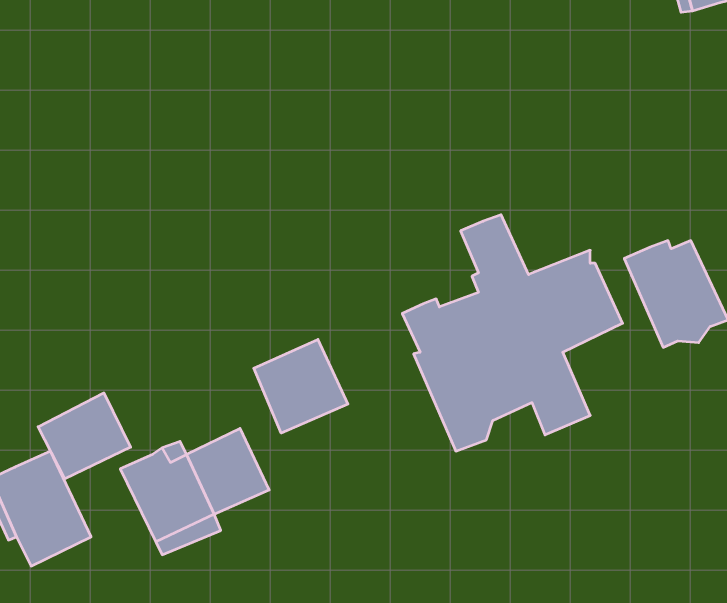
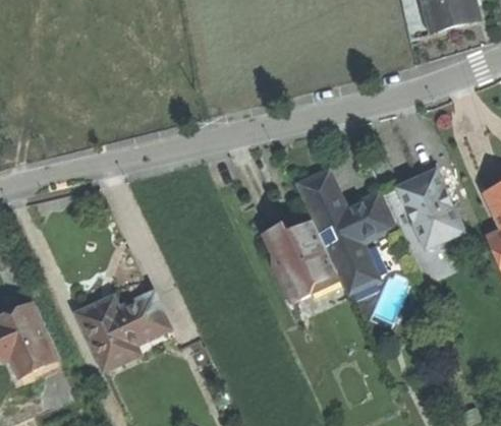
building: [254,339,348,433] -> none
building: [38,393,131,479] -> none

